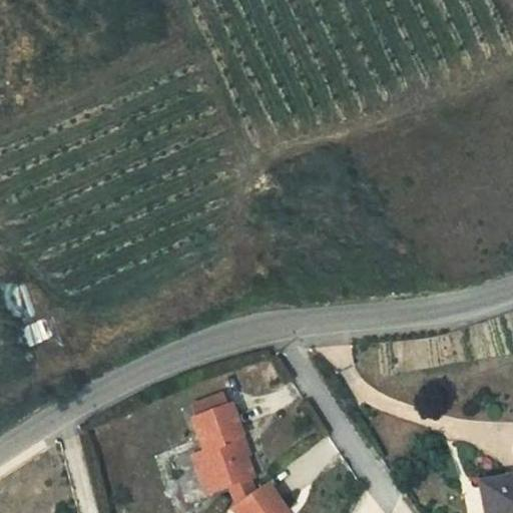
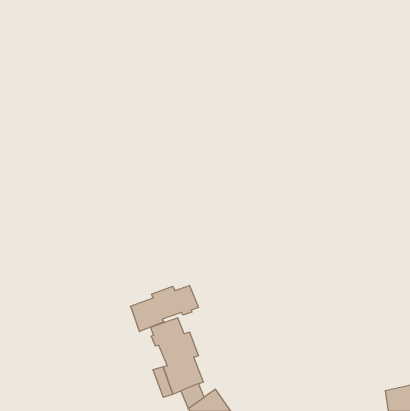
building: none -> [131,285,198,332]

